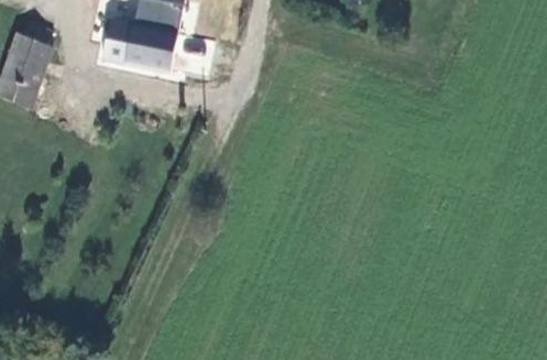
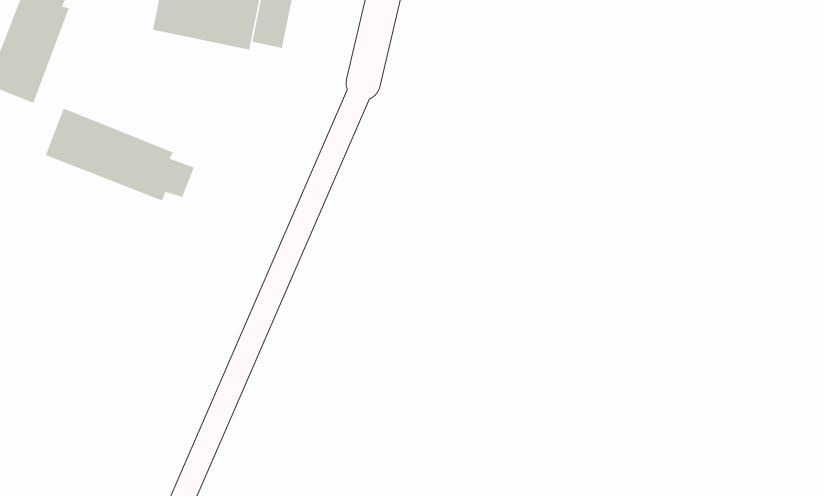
building: none -> [45,107,195,201]

